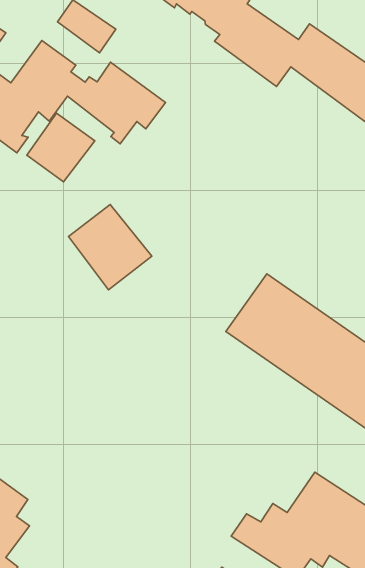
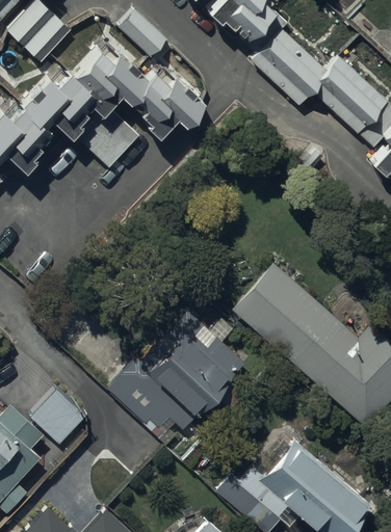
building: [69,204,152,290] -> none
building: none -> [106,312,244,430]
building: none -> [30,388,86,445]

